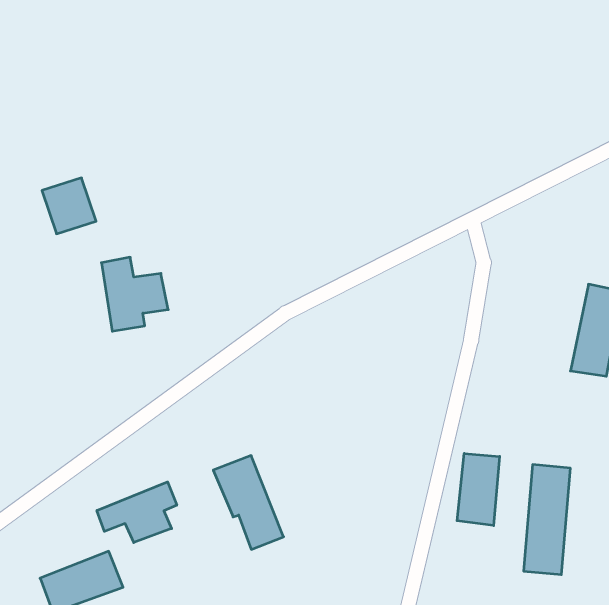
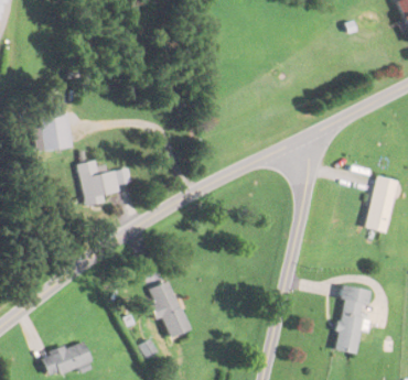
building: [457,453,500,526] -> none
building: [97,482,177,543] -> none

